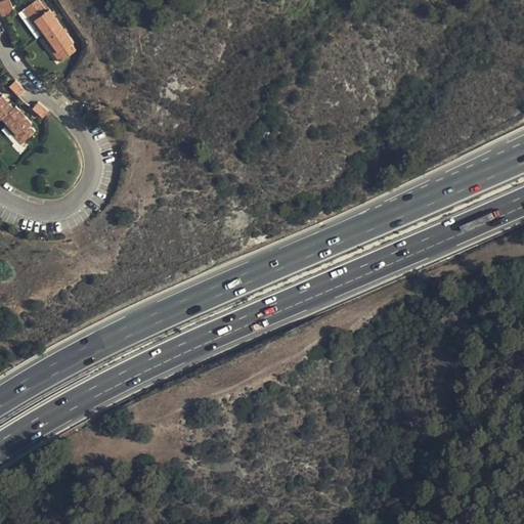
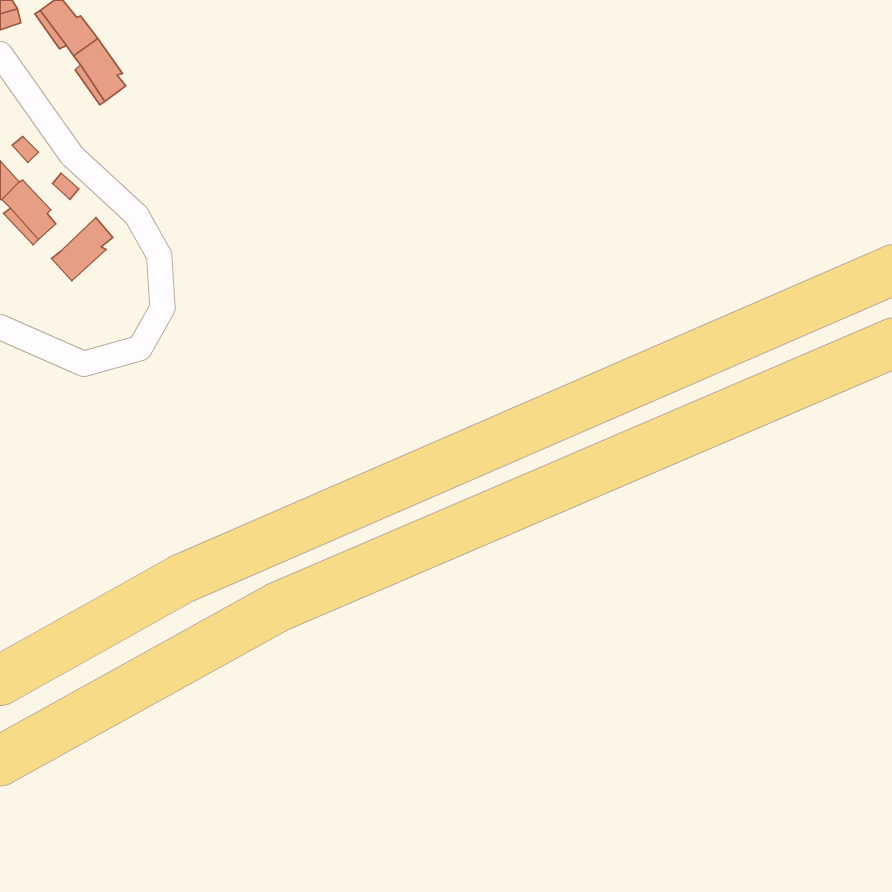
building: none -> [52,217,113,281]

